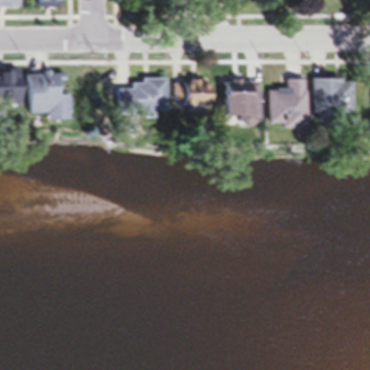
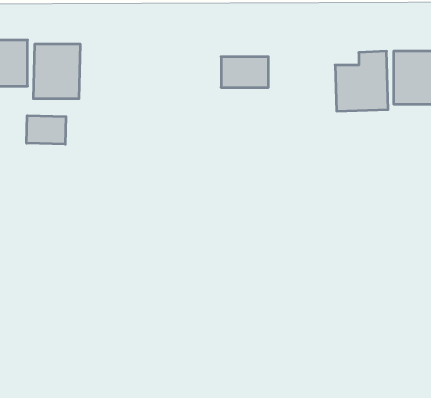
building: [117,78,167,111] -> none
building: [223,81,259,124] -> none
building: none -> [27,116,66,144]

